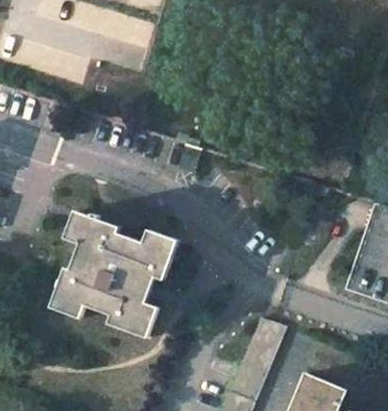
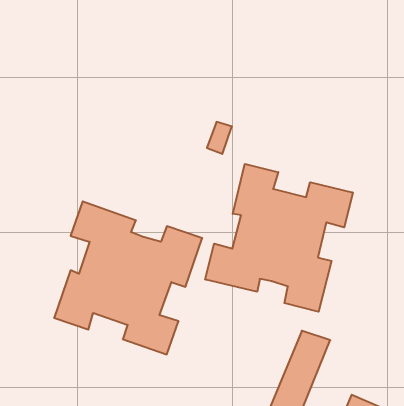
building: none -> [205,164,353,312]

